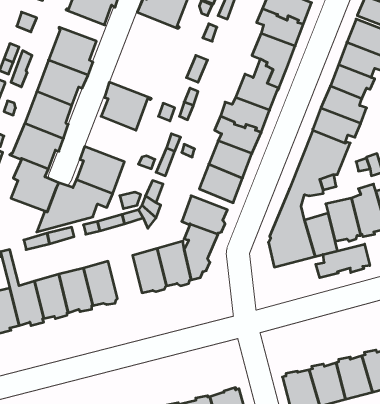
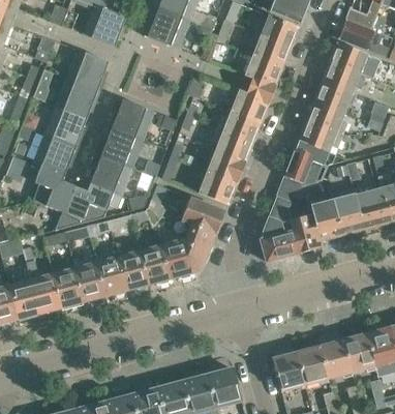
building: none -> [97,127,143,168]
building: [316,244,370,278] -> none
building: none -> [118,250,148,289]

